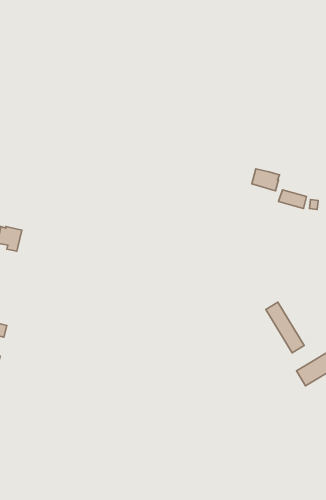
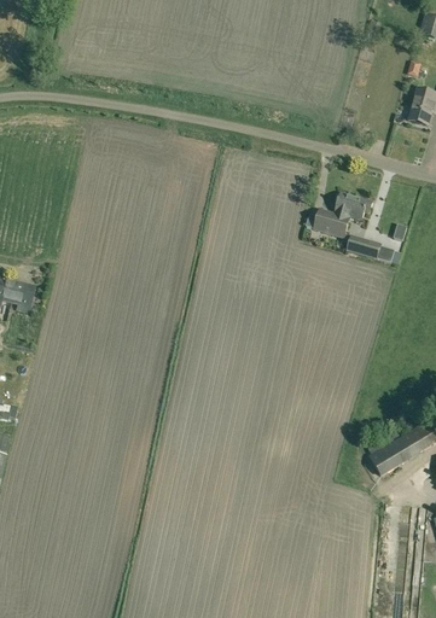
building: none -> [336,192,373,218]
building: [266,302,304,353] -> none

